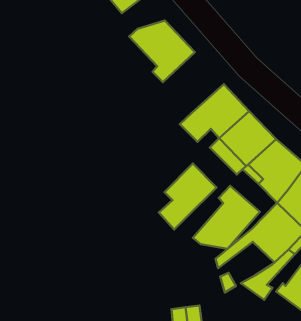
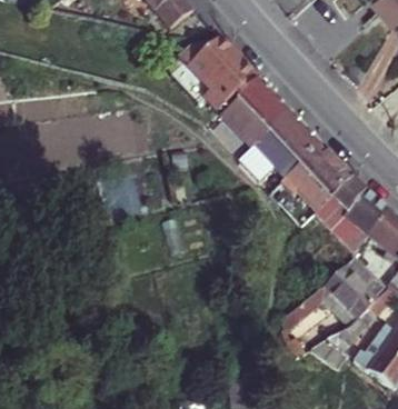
building: none -> [223,79,290,148]
building: [159,164,216,229] -> none
building: [193,186,260,249] -> none

